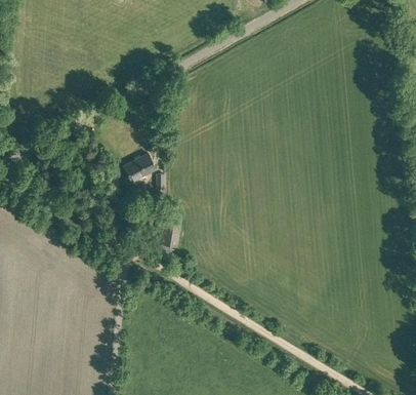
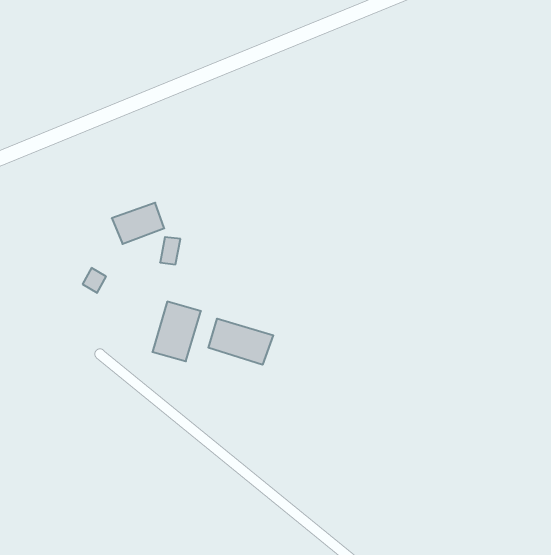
building: none -> [208,319,273,365]

